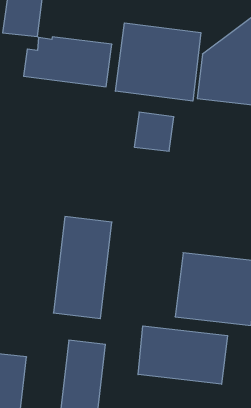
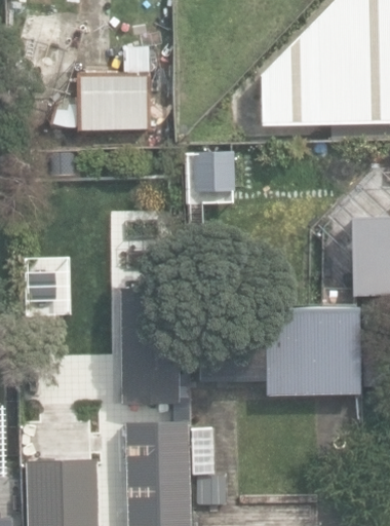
building: [115,23,201,101] -> none
building: [138,326,228,384] -> none

